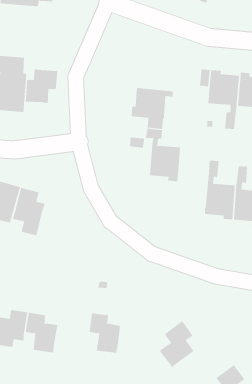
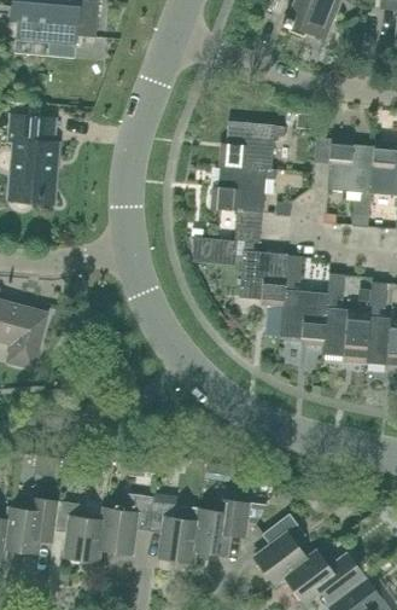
building: none -> [221,122,286,170]
building: [25,68,58,104] -> none
building: none -> [280,256,328,345]
building: [12,187,45,236] -> none
building: none -> [99,494,154,554]
building: none -> [194,499,249,556]
building: none -> [284,552,364,603]

